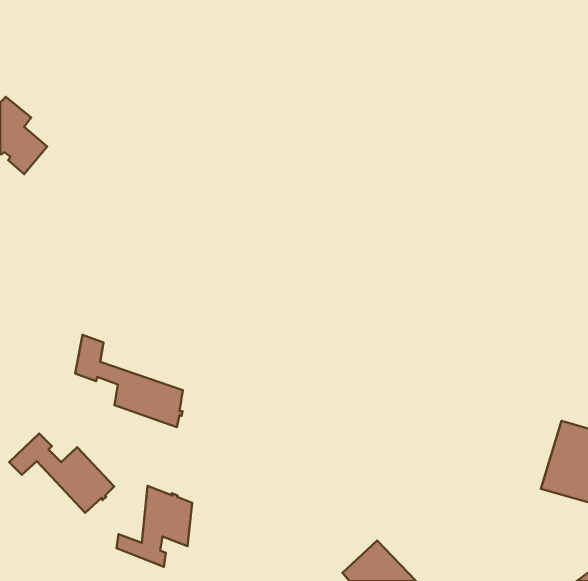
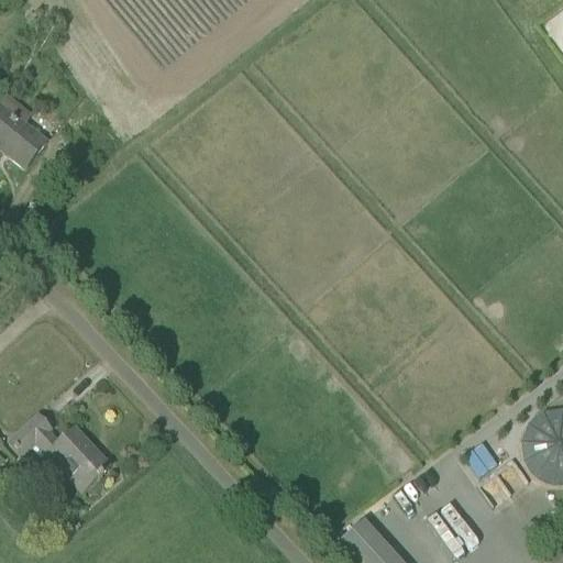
building: [75,335,183,427] -> none
building: [116,486,192,567] -> none

